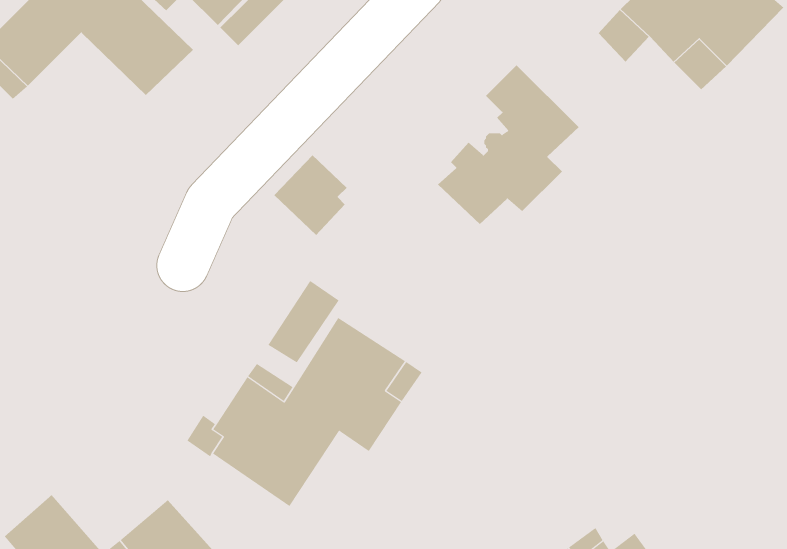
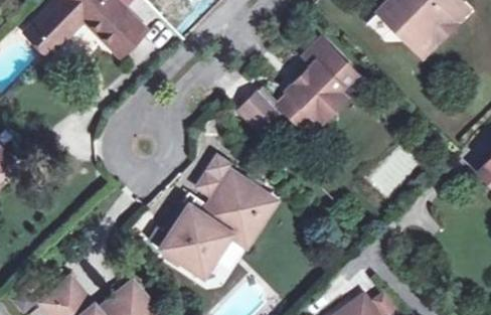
building: [274,155,347,236] -> [239,85,280,129]

